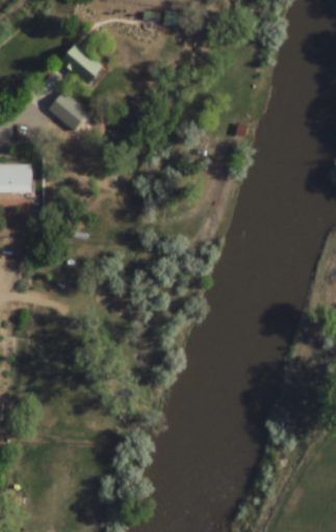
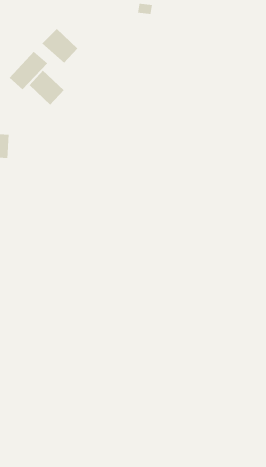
building: none -> [9,51,48,90]

